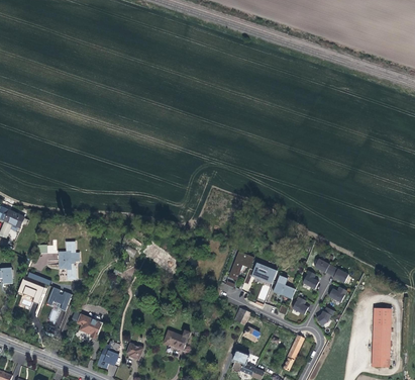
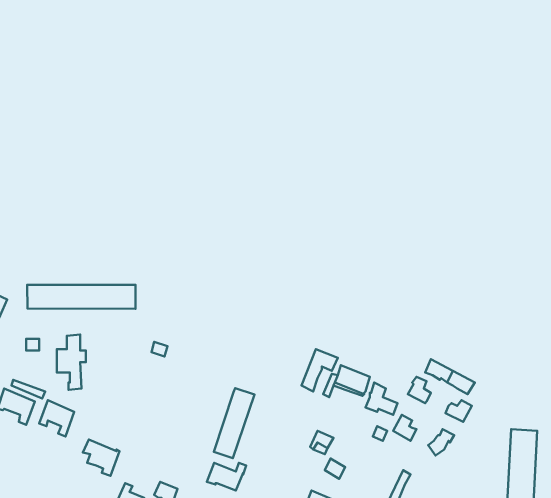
building: none -> [27,285,136,309]
building: none -> [214,388,254,458]

